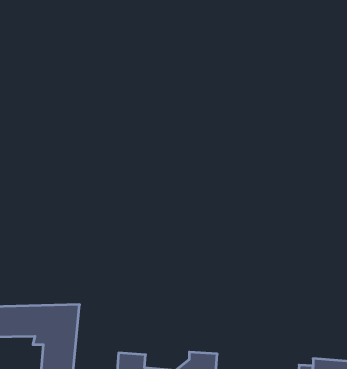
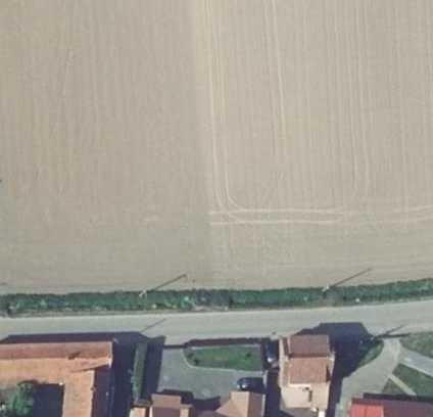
building: none -> [281,338,331,408]

